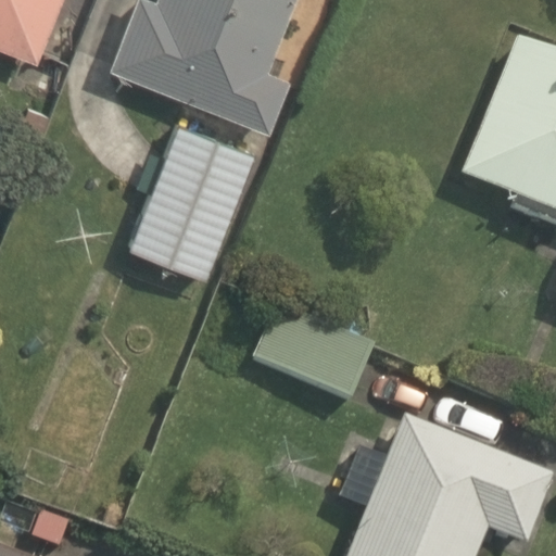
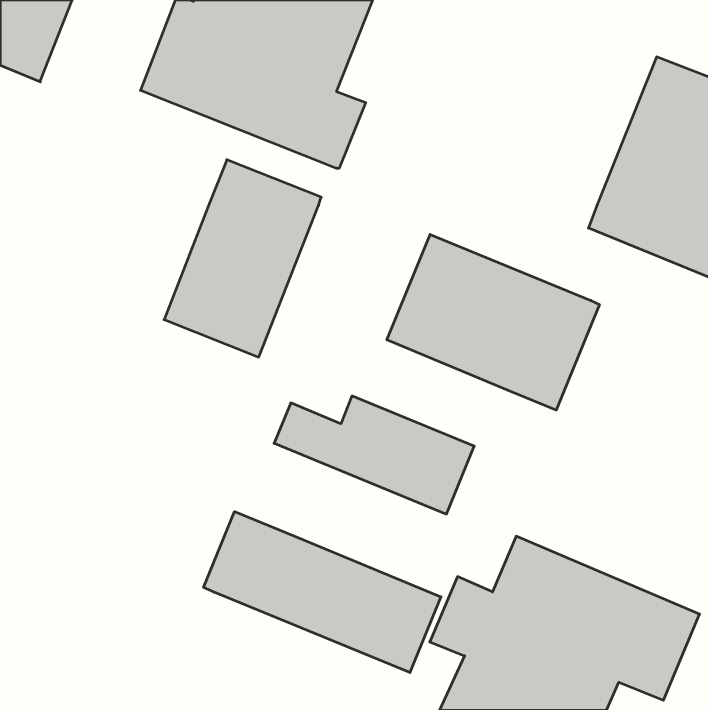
building: none -> [387,234,599,410]
building: none -> [204,512,441,673]

